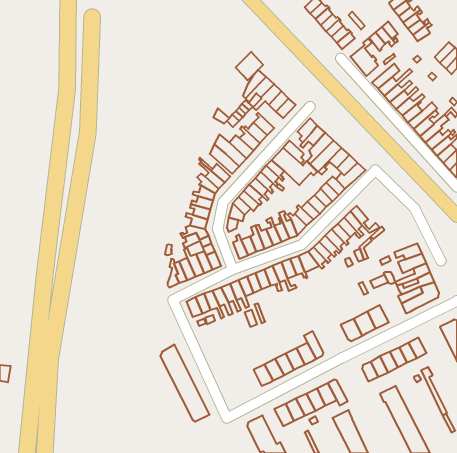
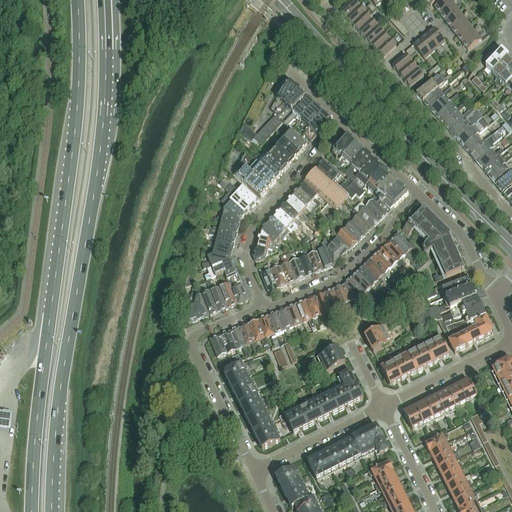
building: [236,52,263,80] -> none
building: none -> [402,206,463,275]
building: none -> [365,323,395,354]
building: none -> [424,333,449,360]
building: none -> [318,345,344,370]
building: [160,345,210,422] -> [224,360,279,446]

